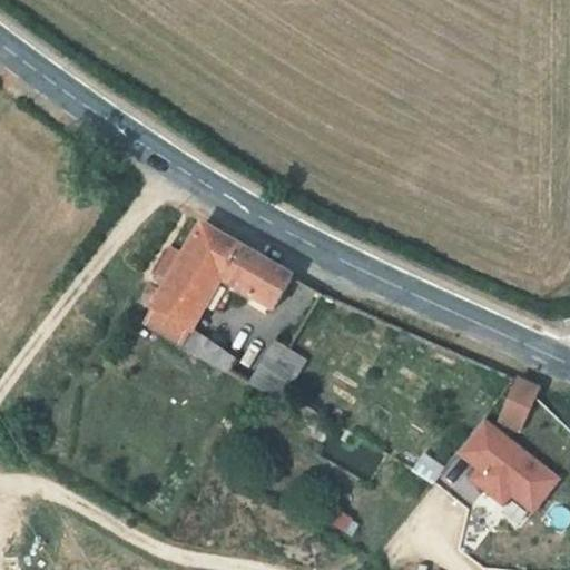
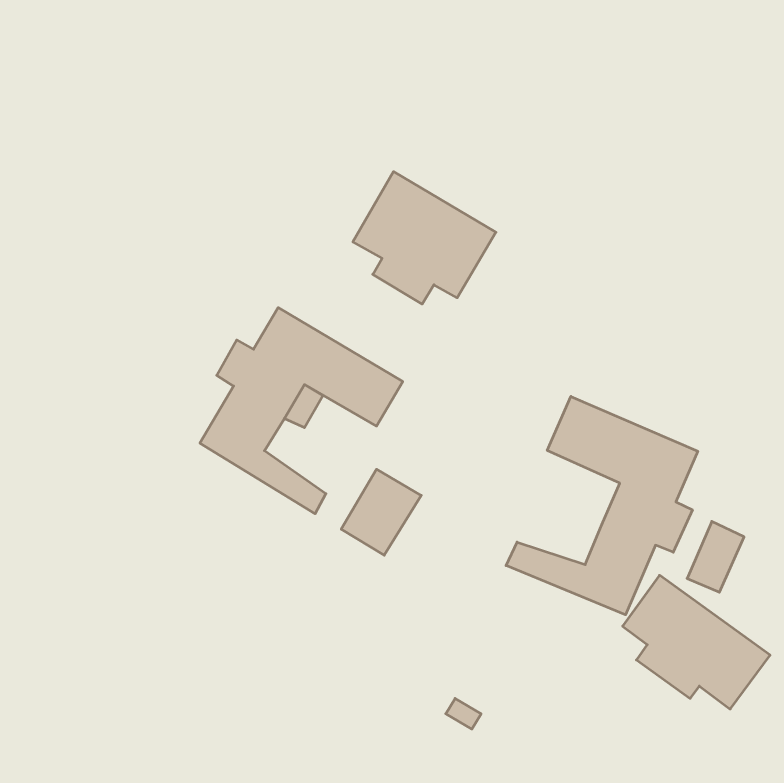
building: none -> [353,172,496,304]
building: none -> [506,396,698,615]

